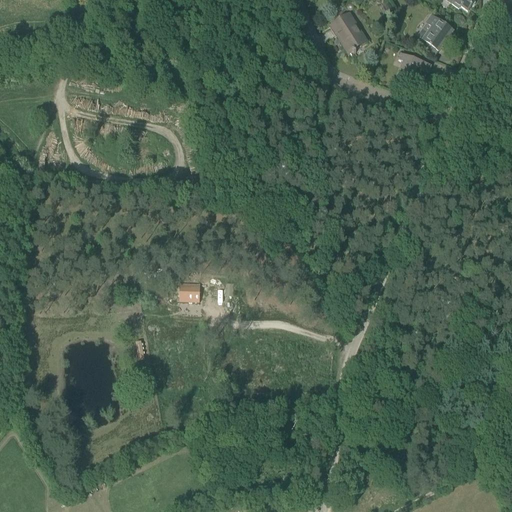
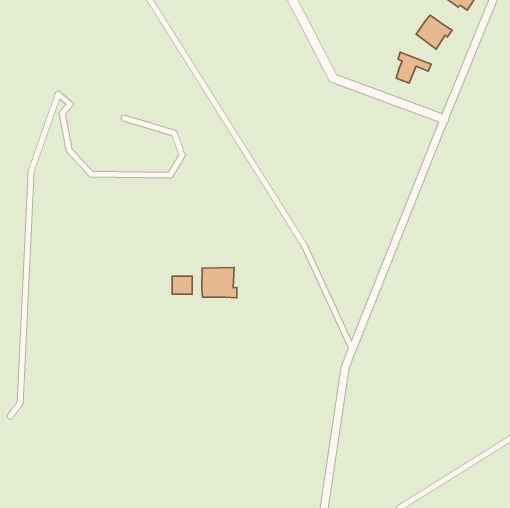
building: [331,12,368,52] -> none
building: none -> [202,268,237,298]

